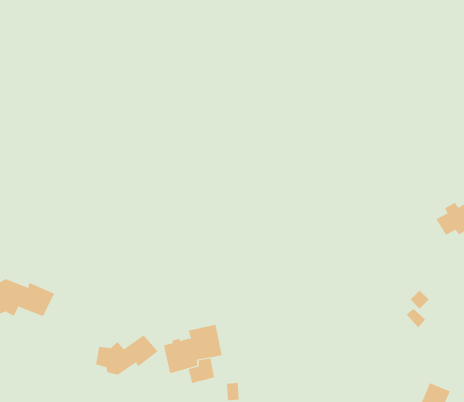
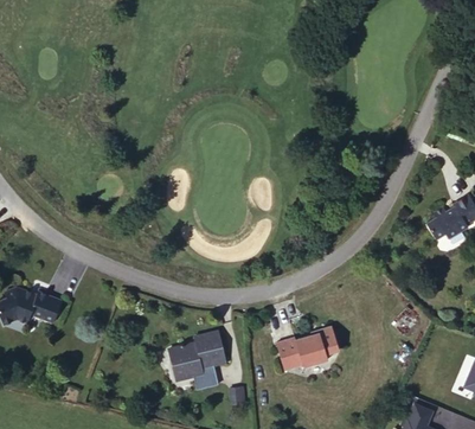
building: none -> [274,329,335,371]
building: [96,334,159,376] -> none

